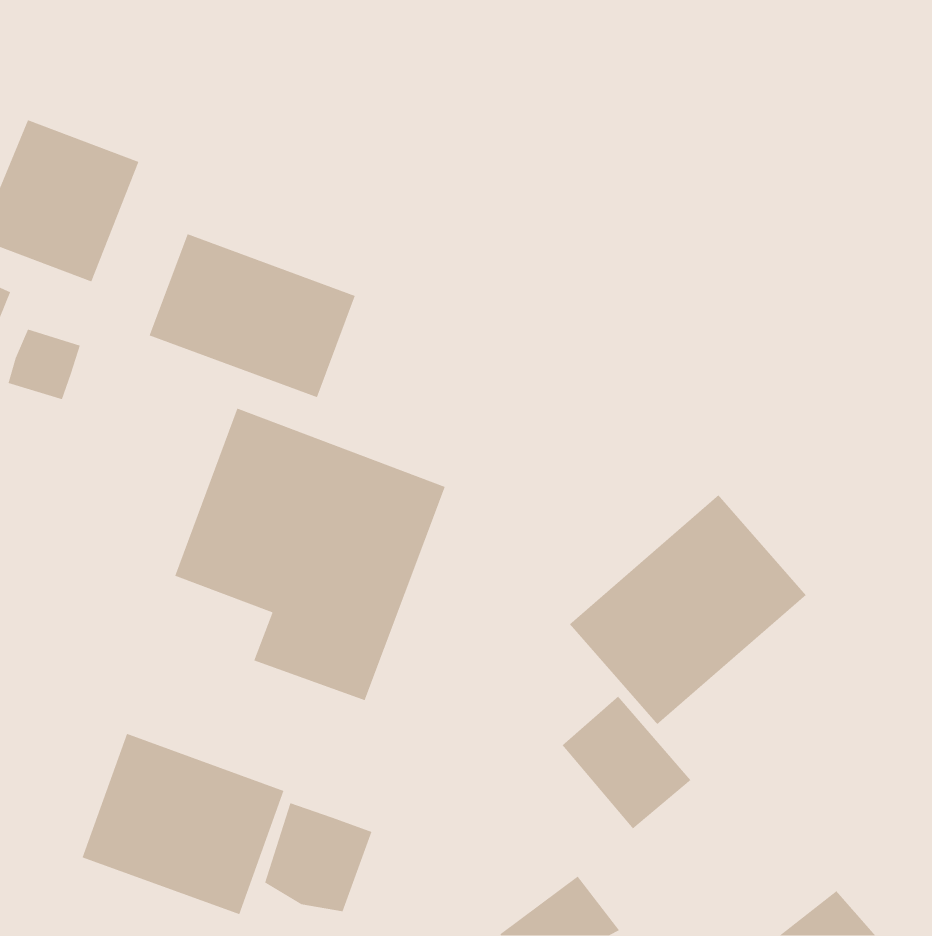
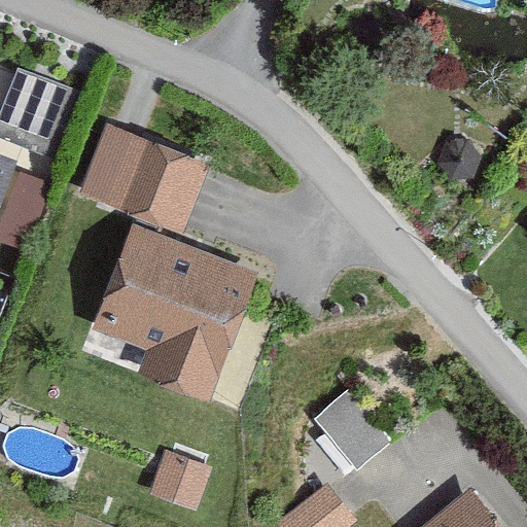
building: [569,494,807,725] -> none
building: [82,733,285,915] -> none

